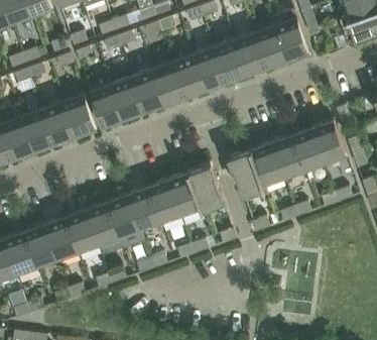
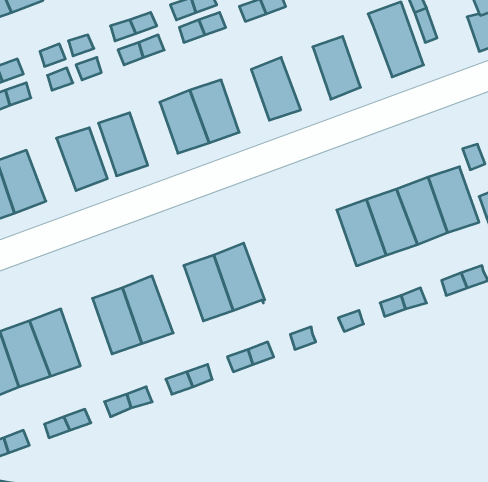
building: [256,24,289,67] -> none
building: [215,39,248,82] -> none
building: [174,54,207,97] -> none
building: [113,77,145,119] -> none
building: [43,101,77,143] -> none
building: [230,149,267,197] -> none
building: [190,164,225,212] -> none
building: [128,187,162,232] -> none
building: [67,209,101,254] -> none

